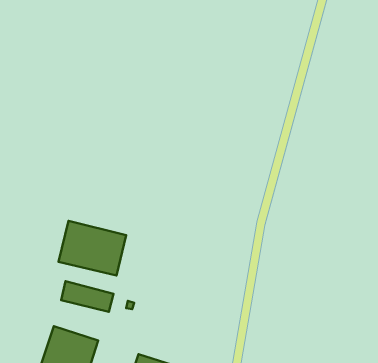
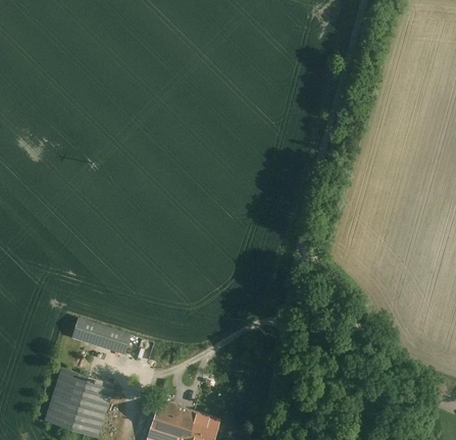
building: [59,221,126,276] -> none

